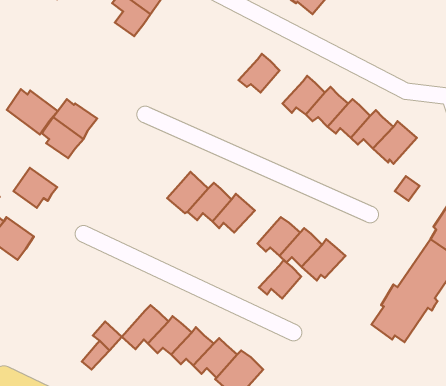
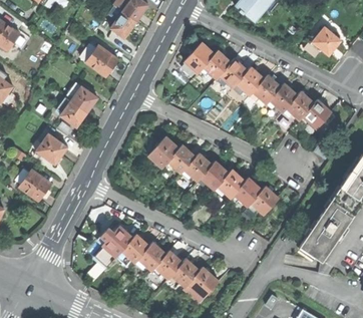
building: none -> [311,27,340,54]
building: none -> [178,42,215,77]
building: none -> [217,58,248,86]
building: [7,89,58,134] -> [81,43,118,76]
building: [259,260,301,299] -> [198,161,229,189]
building: none -> [102,226,132,257]

